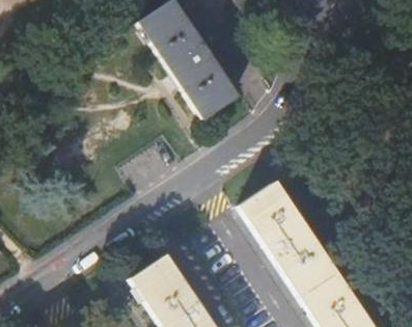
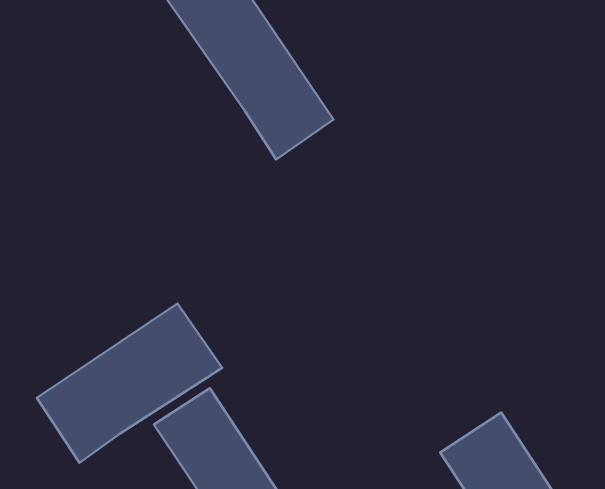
building: [240,180,337,295] -> none
building: none -> [37,303,222,463]

